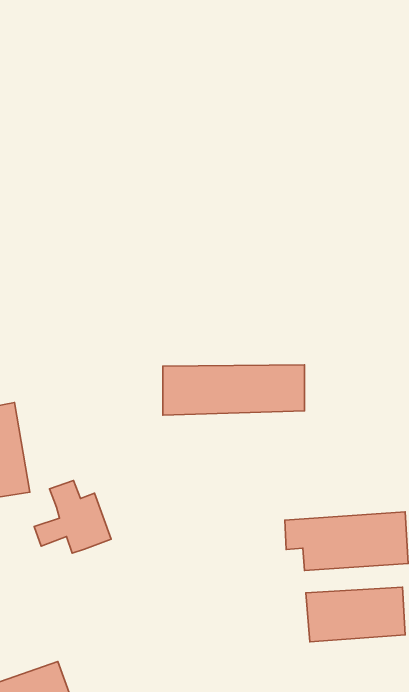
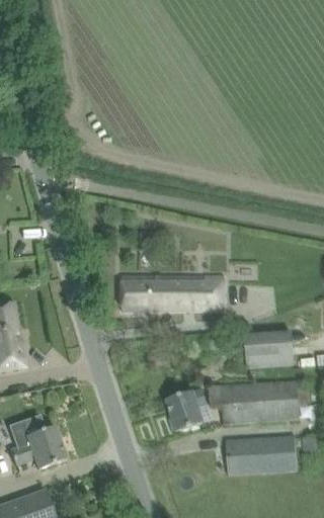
building: none -> [245,332,293,367]
building: [34,480,111,553] -> [10,416,66,468]
building: none -> [166,388,207,431]

